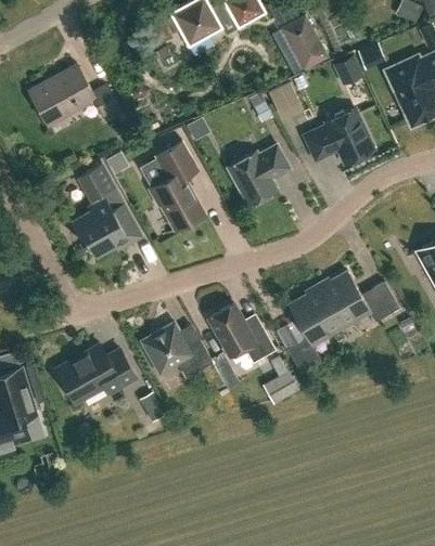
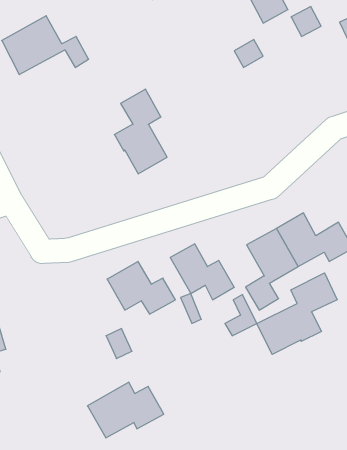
building: [304,108,373,162] -> none
building: [227,144,290,205] -> none
building: [71,165,142,257] -> none
building: none -> [257,273,337,354]
building: [55,343,136,402] -> [87,382,164,438]

